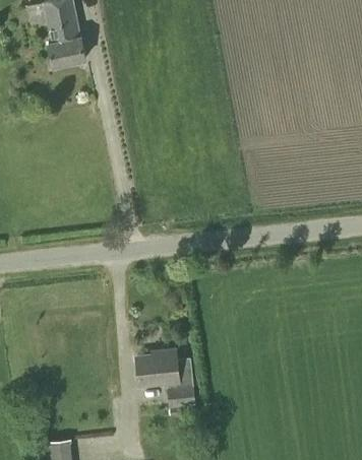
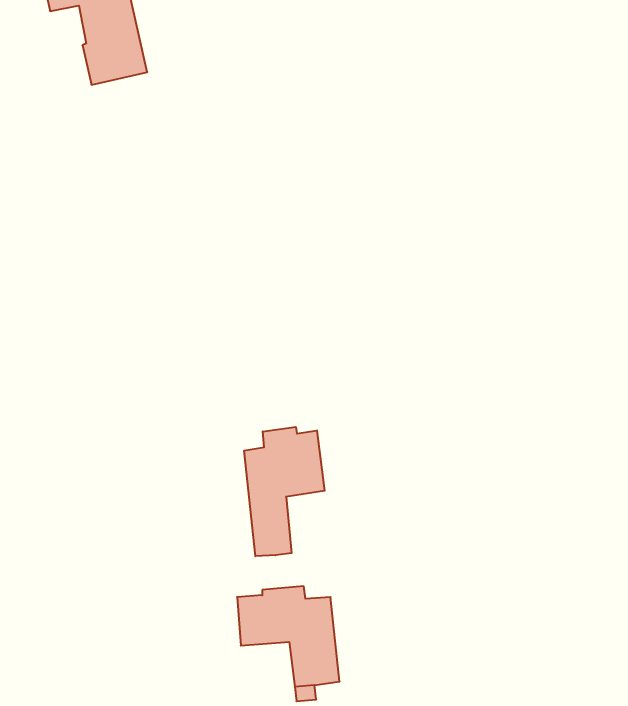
building: none -> [244,427,325,556]

